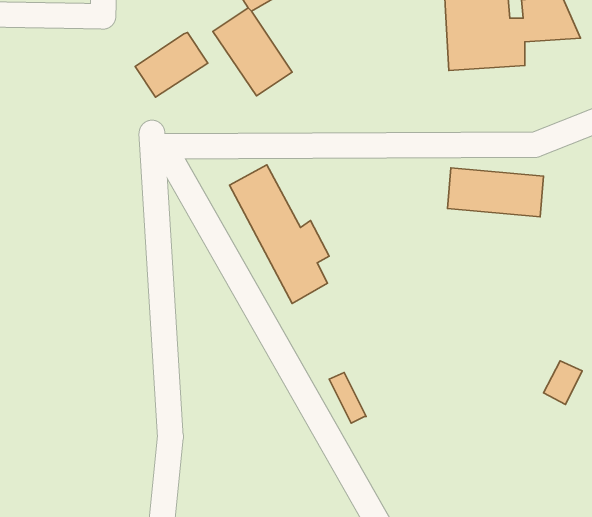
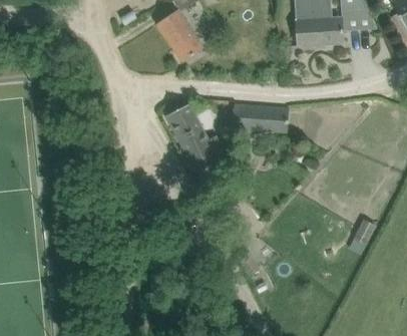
building: [135,33,208,97] -> none
building: [447,168,544,217] -> [233,103,290,132]

